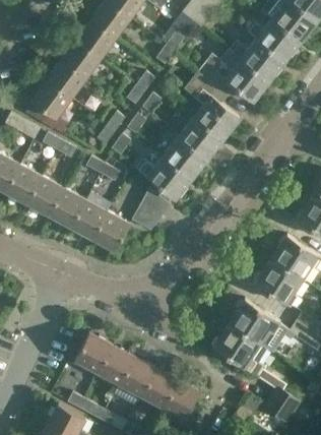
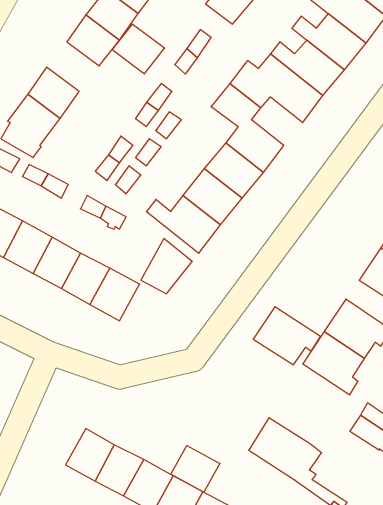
building: [60,41,100,78] -> [112,24,165,74]
building: [228,300,278,344] -> [253,307,320,365]
building: none -> [171,446,220,492]

